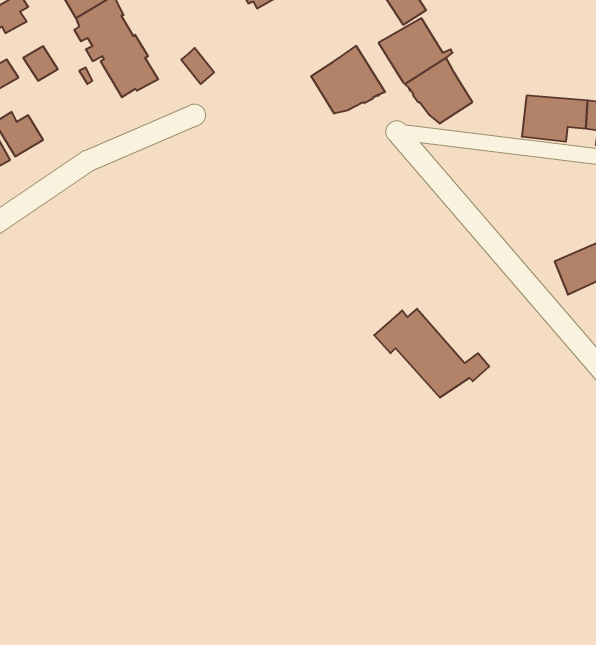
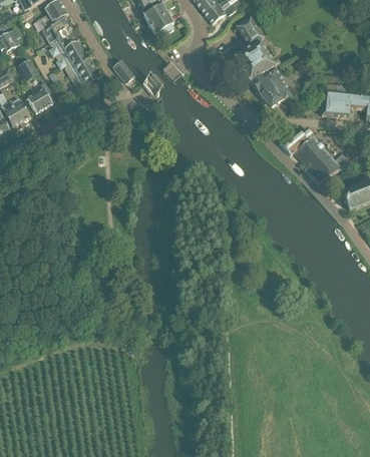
building: [311,46,385,114] -> none
building: none -> [27,82,52,112]
building: [374,309,489,398] -> [280,127,350,181]

